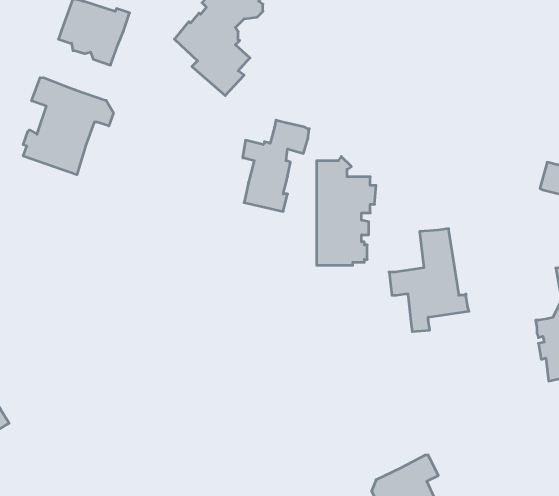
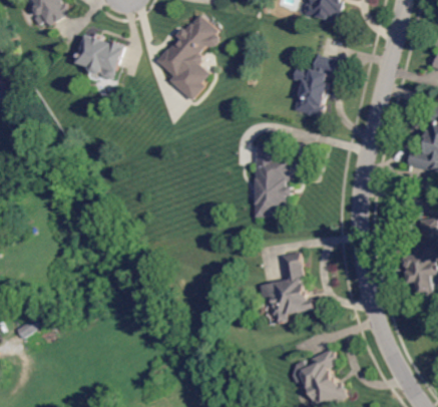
building: [23,78,113,175] -> none
building: [243,120,309,211] -> [293,54,339,117]
building: [389,229,469,332] -> [259,253,314,324]

